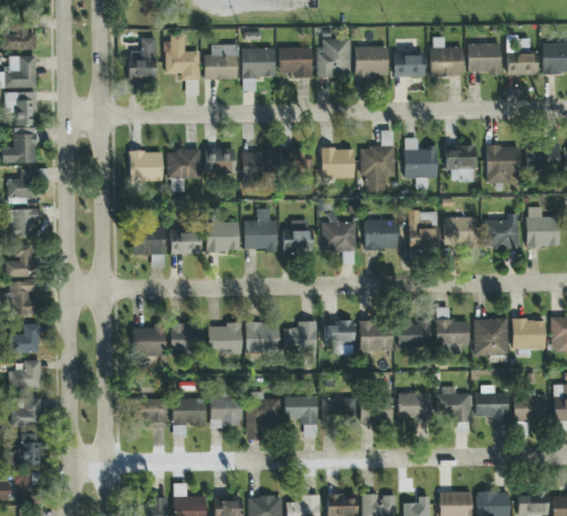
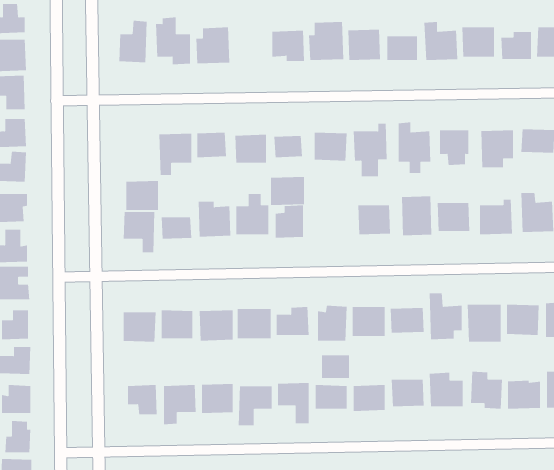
building: [241,48,275,90] -> none
building: [128,151,162,180] -> [125,180,159,211]
building: [321,221,355,250] -> [270,176,305,205]
building: none -> [322,355,349,379]

